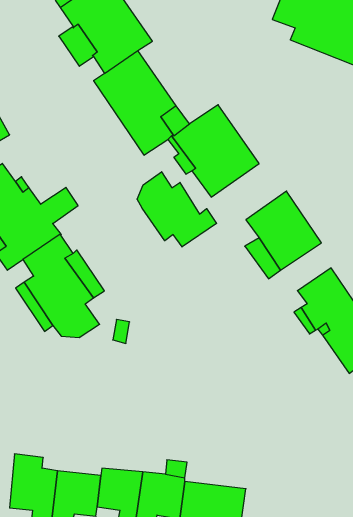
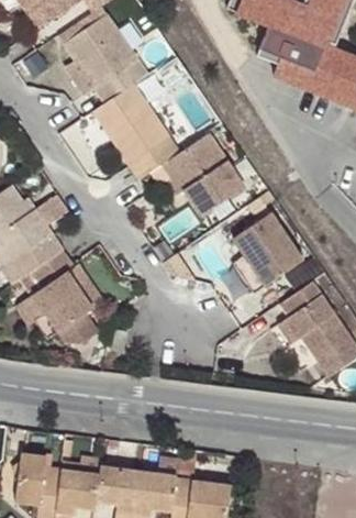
building: [137,172,217,247] -> none

